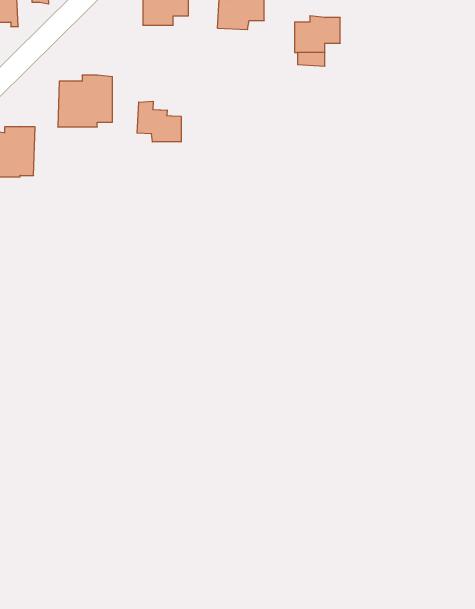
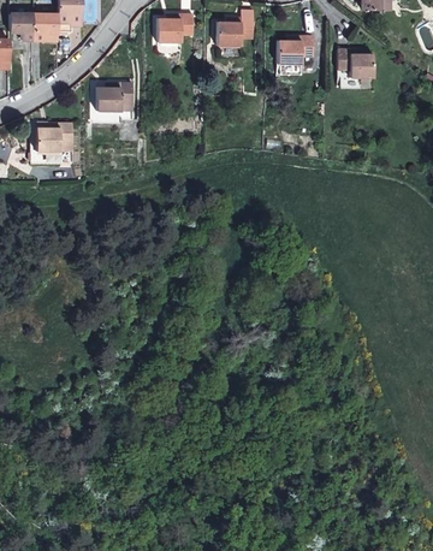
building: none -> [338,48,374,76]
building: [137,101,181,142] -> none

